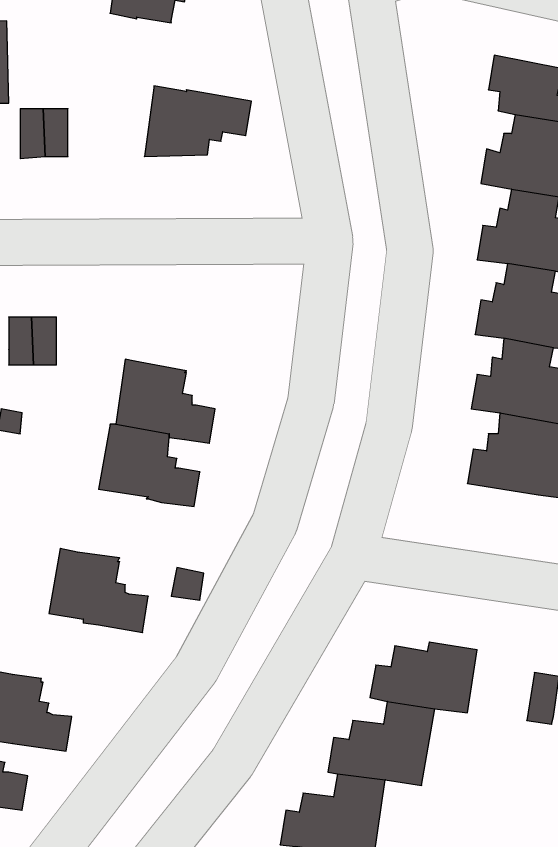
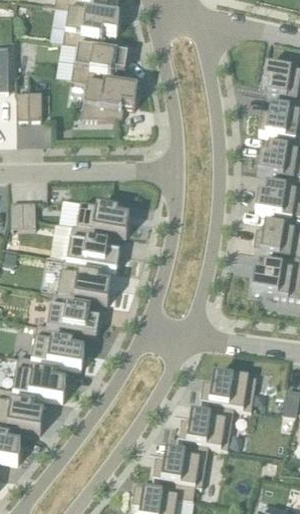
building: none -> [71,44,127,83]
building: none -> [76,201,128,235]
building: none -> [46,291,98,334]
building: none -> [12,355,65,399]

